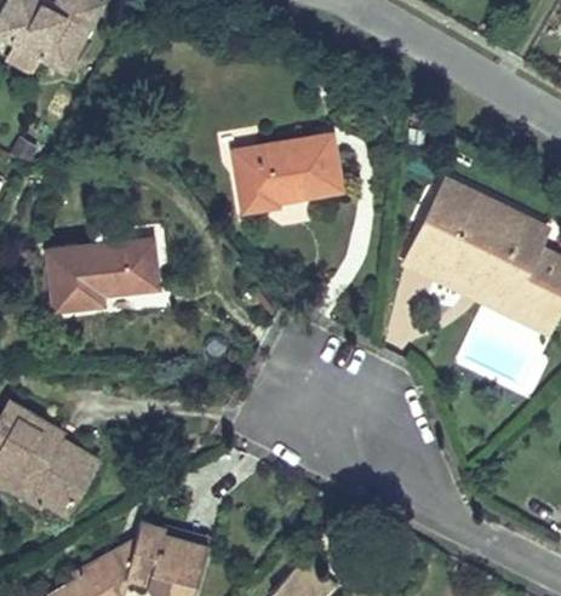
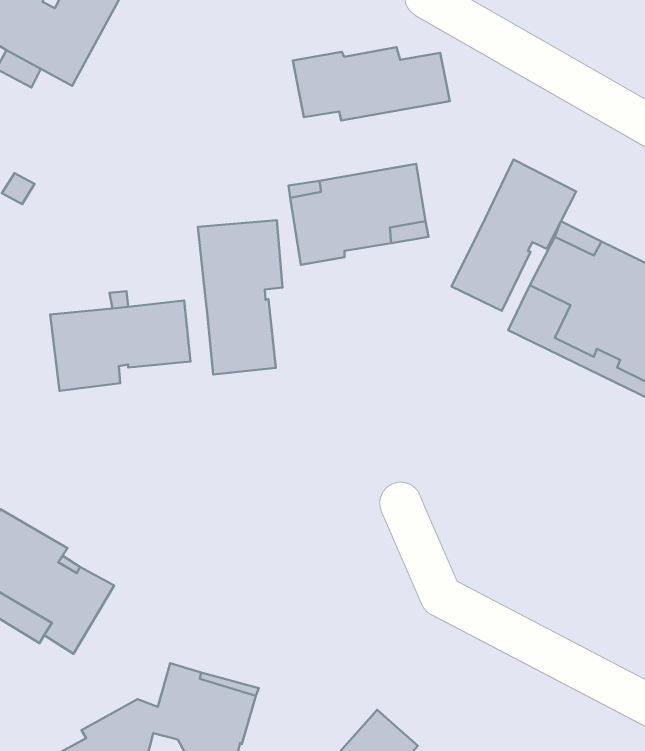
building: none -> [293,47,450,121]
building: none -> [452,159,576,311]
building: none -> [198,220,283,375]

